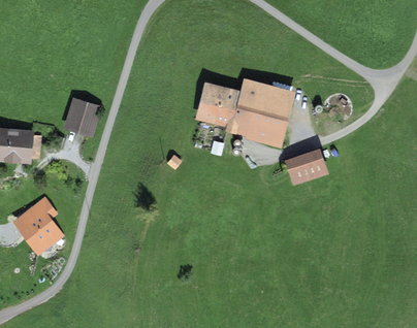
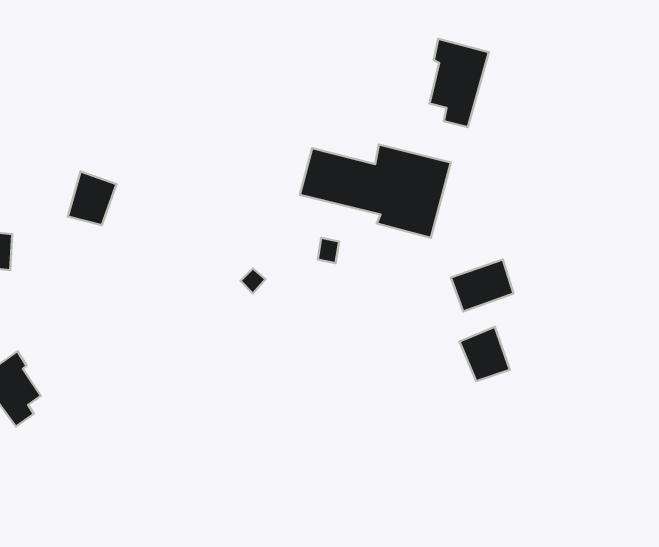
building: none -> [430,39,489,127]
building: none -> [459,327,510,381]

